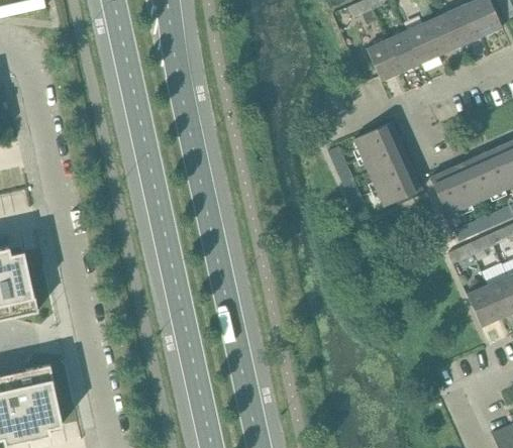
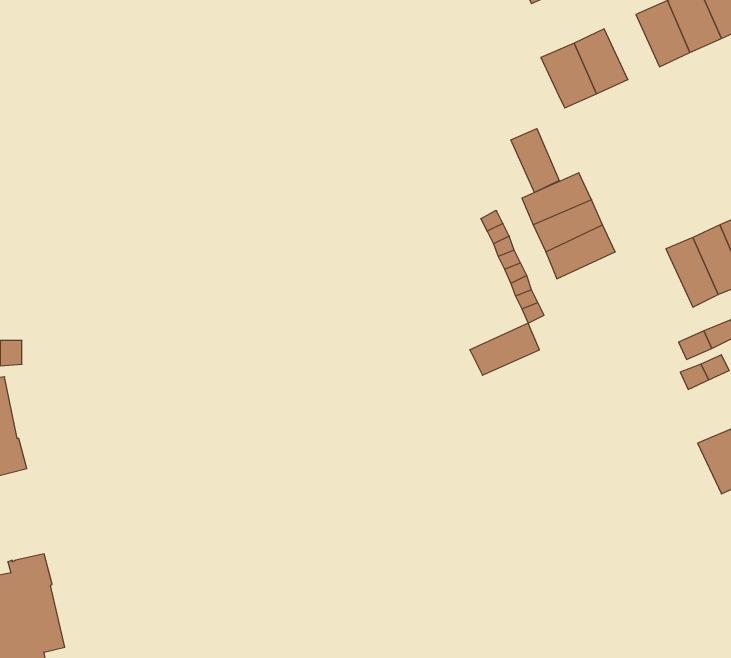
building: [406,21,441,63] -> none
building: none -> [511,129,559,193]
building: [429,171,463,215] -> none
building: [376,173,420,206] -> [470,323,539,375]

